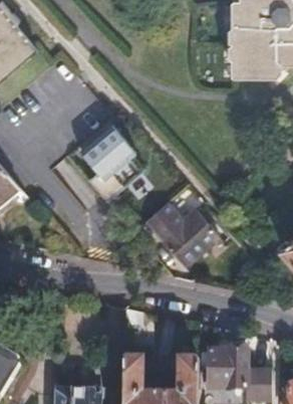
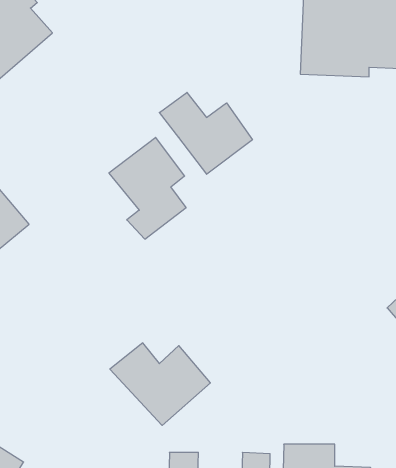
building: none -> [159,92,252,174]
building: [149,205,222,265] -> [110,343,210,425]

